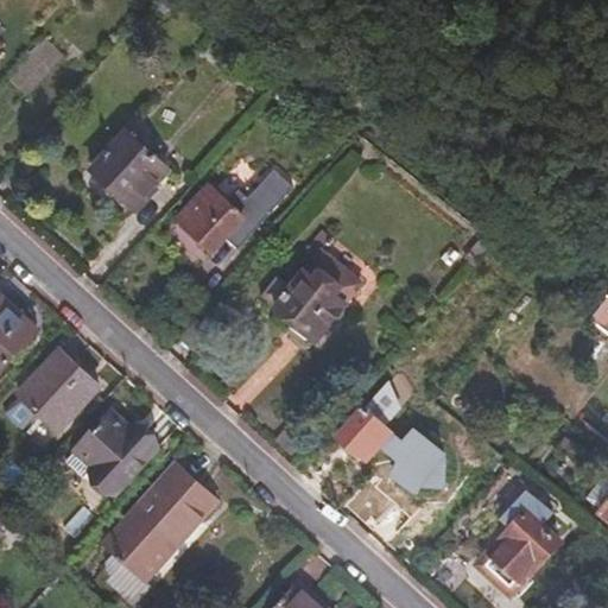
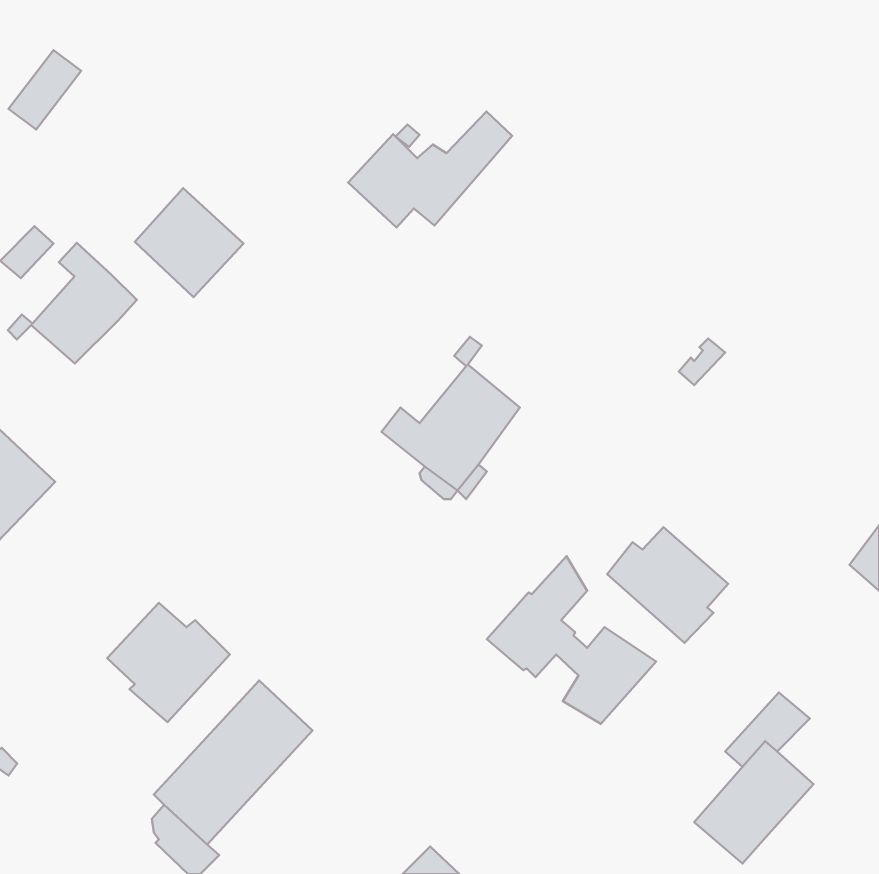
building: none -> [8,243,137,364]
building: [180,167,293,247] -> [348,112,512,227]
building: [20,353,97,430] -> none
building: none -> [607,527,728,643]

